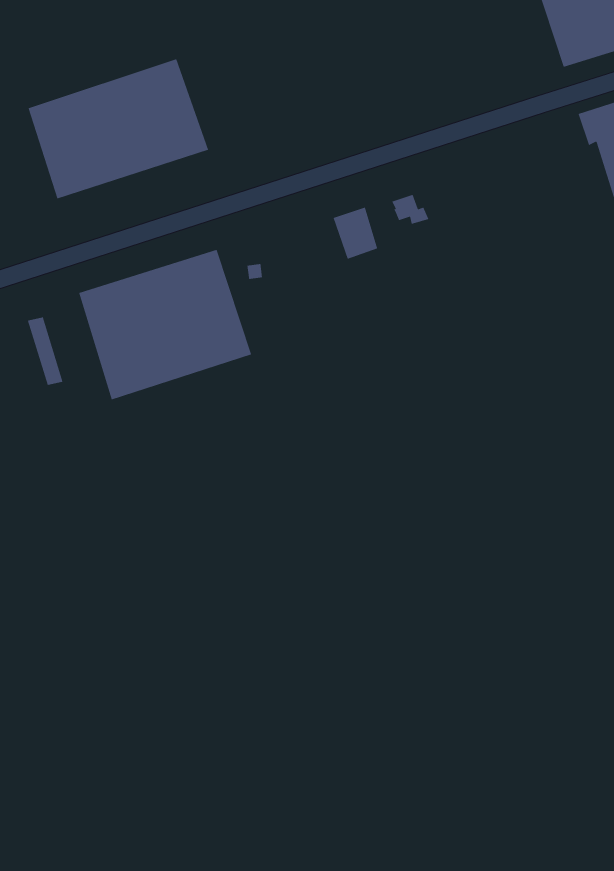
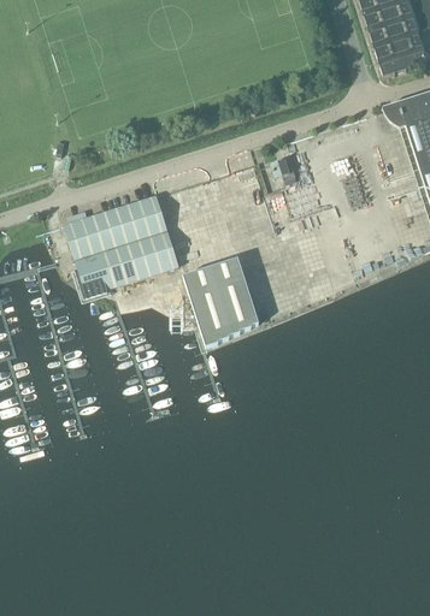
building: [27,58,209,200] -> none
building: none -> [182,256,258,344]

